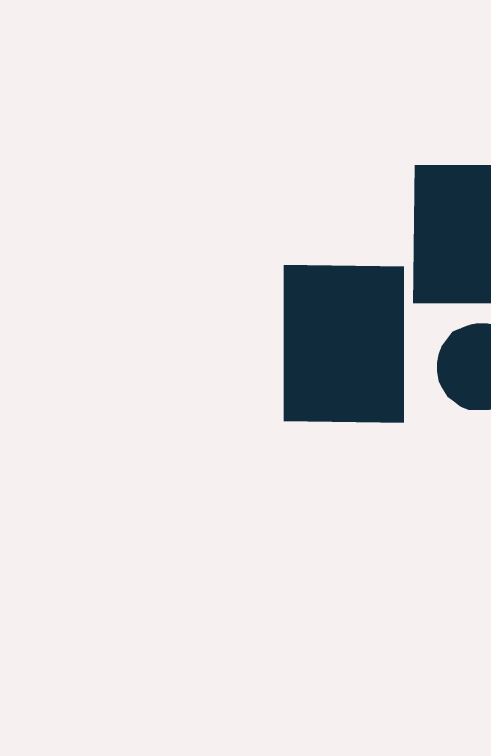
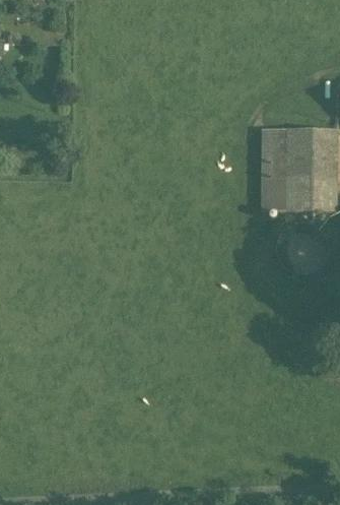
building: [283,264,404,424] -> none

